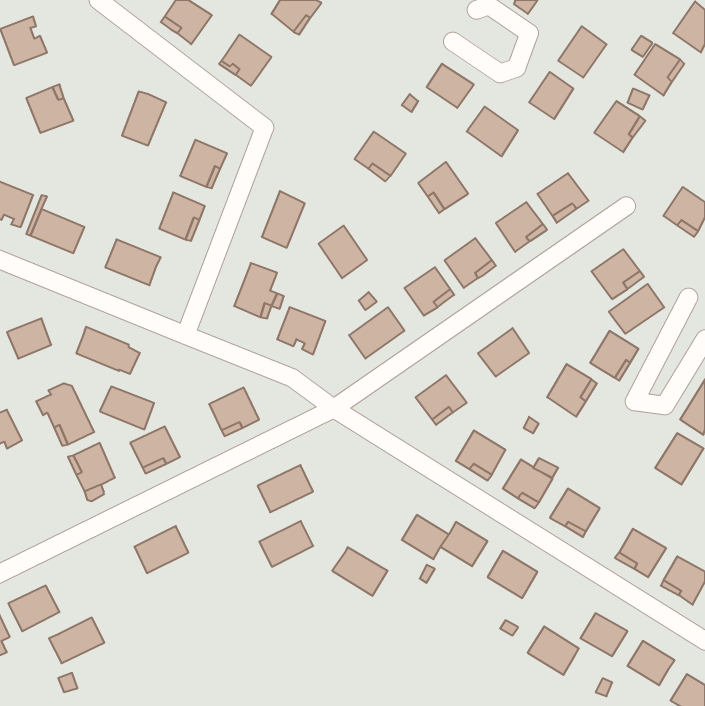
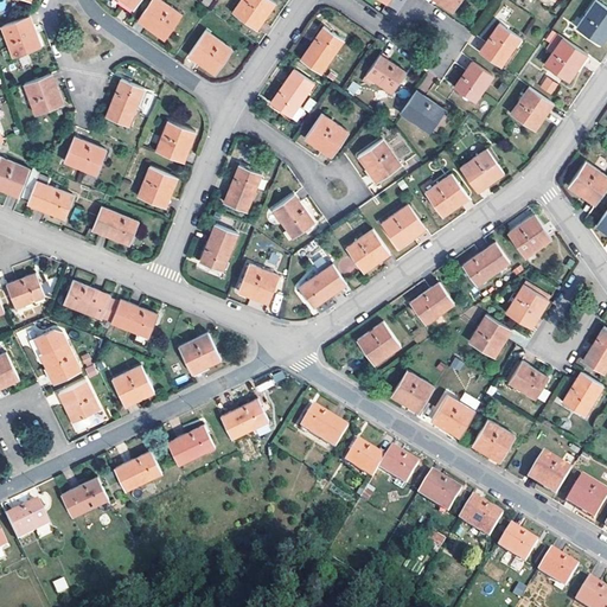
building: none -> [300,27,343,75]
building: none -> [270,70,313,117]
building: none -> [63,138,106,174]
building: [609,284,664,334] -> [461,242,509,285]
building: [100,387,154,429] -> [111,301,158,338]
building: none -> [507,362,548,398]
building: [259,521,313,567] -> [168,426,215,465]
building: [332,547,388,596] -> [299,409,346,451]
building: [49,618,104,663] -> [62,478,109,517]
building: [528,626,579,675] -> [458,498,501,539]

